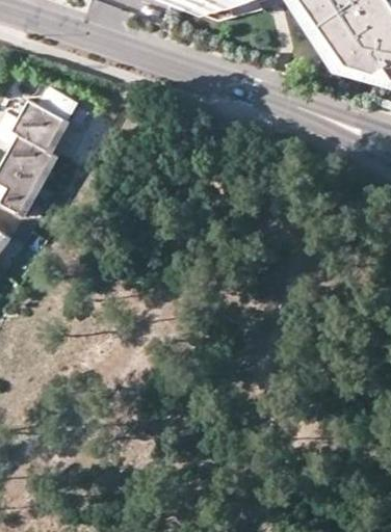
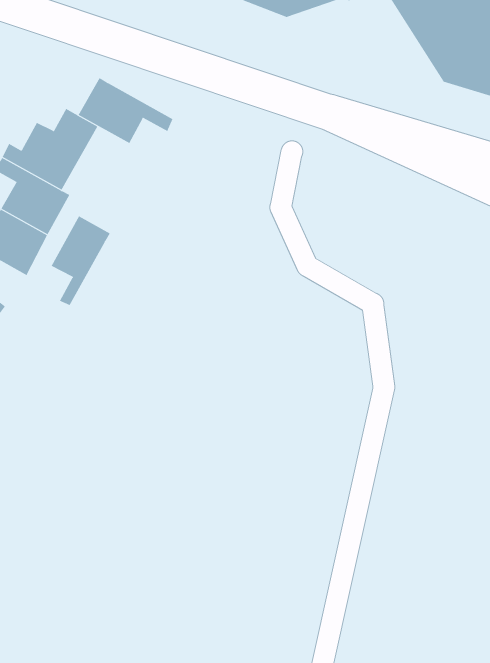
building: none -> [78,77,173,144]
building: none -> [51,215,111,306]

